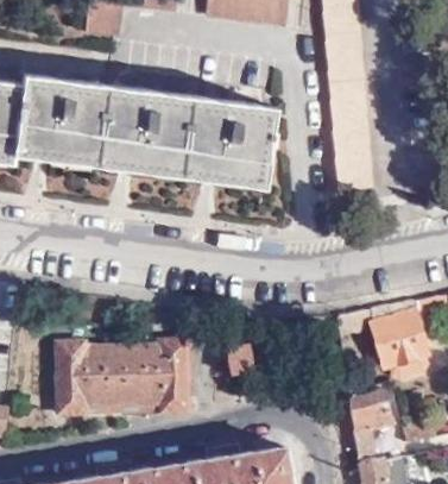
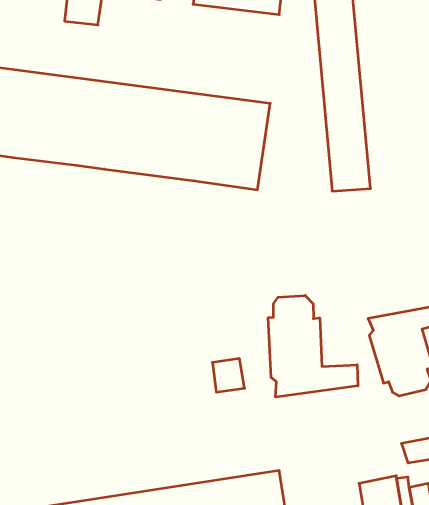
building: none -> [268,295,358,397]
building: [58,340,188,413] -> none
building: [351,389,395,434] -> none

